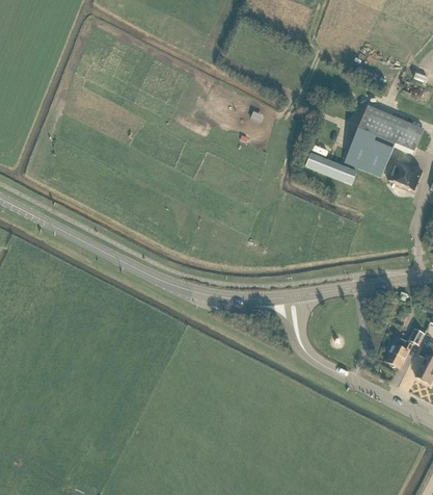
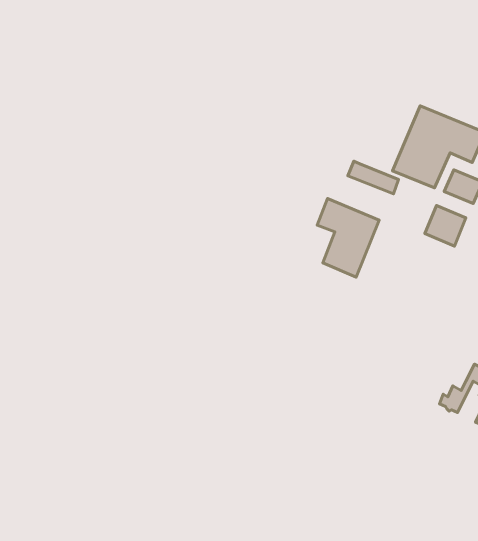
building: none -> [317,198,379,277]
building: none -> [425,205,466,246]

